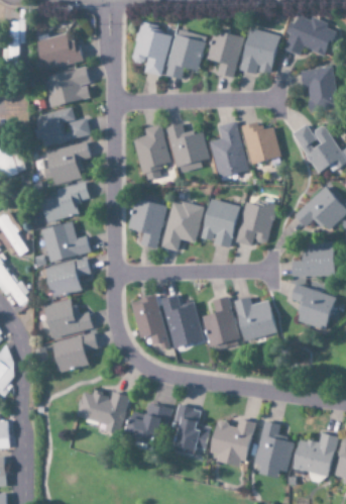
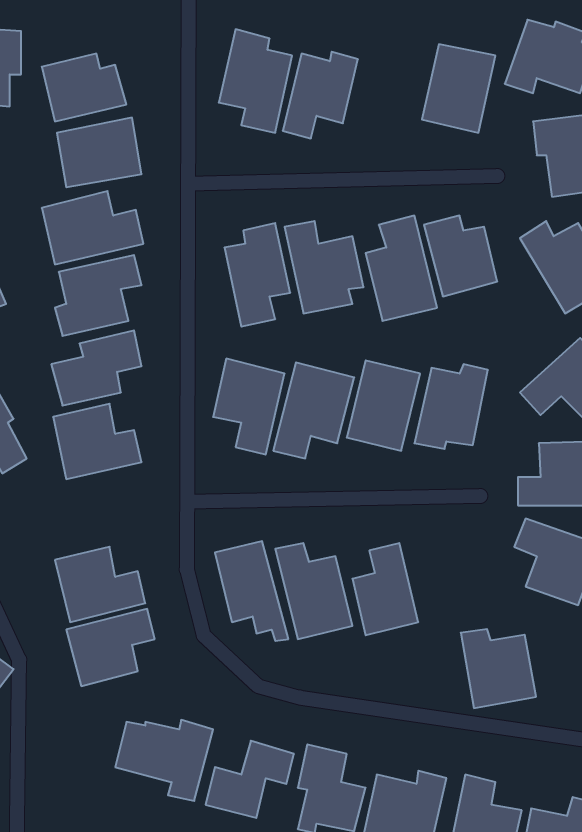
building: [208,29,243,77] -> none
building: [46,258,91,297] -> none
building: [236,297,276,339] -> [461,629,536,708]

